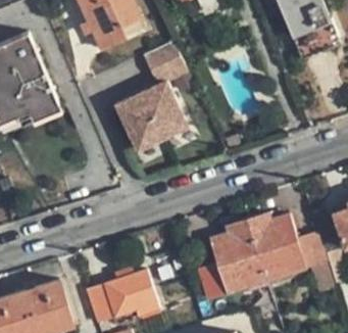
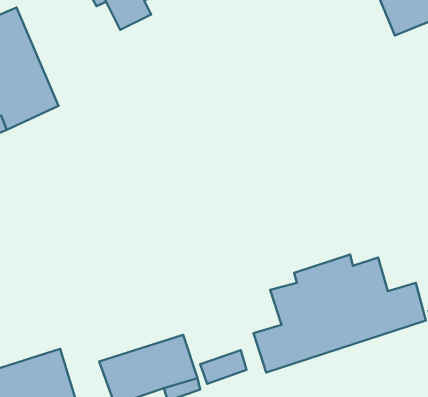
building: [117,42,189,153] -> none

